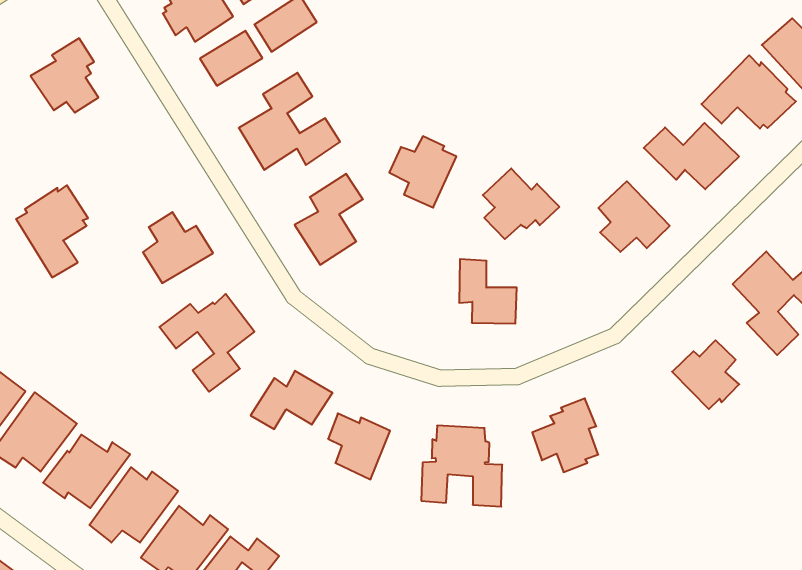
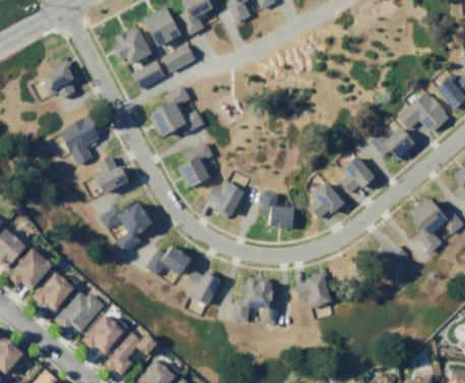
building: [389,136,456,208] -> [207,179,243,218]
building: [483,168,559,239] -> [308,180,349,218]
building: [16,185,88,277] -> [61,115,100,164]

